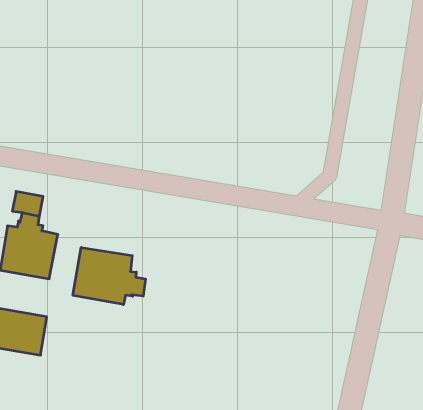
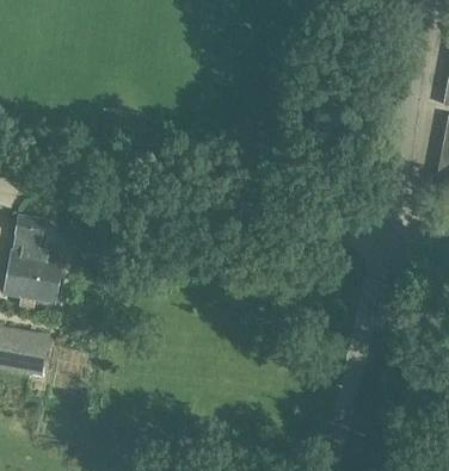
building: [73,247,145,305] -> none

